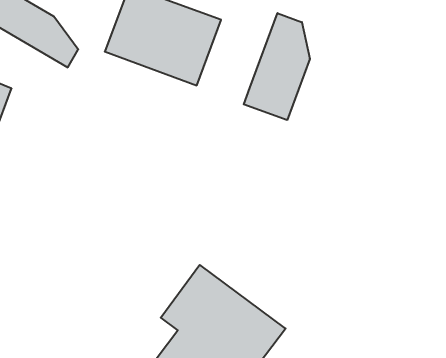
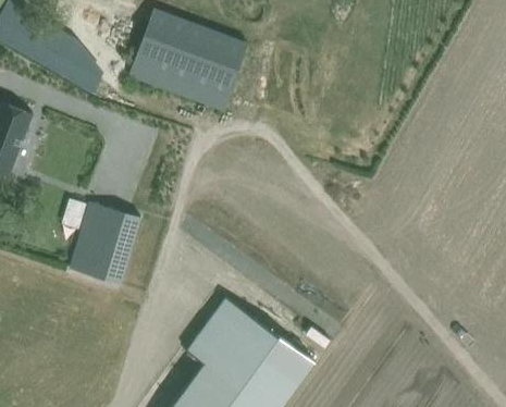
building: [244,13,310,120] -> none
building: none -> [70,203,139,285]

